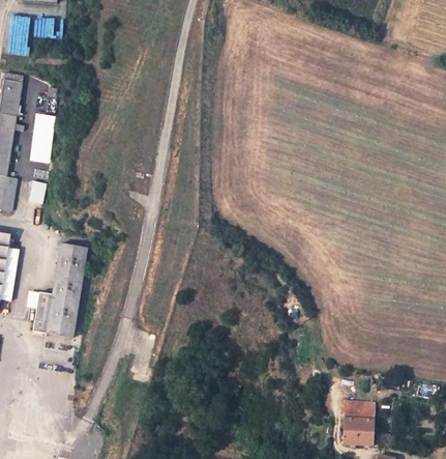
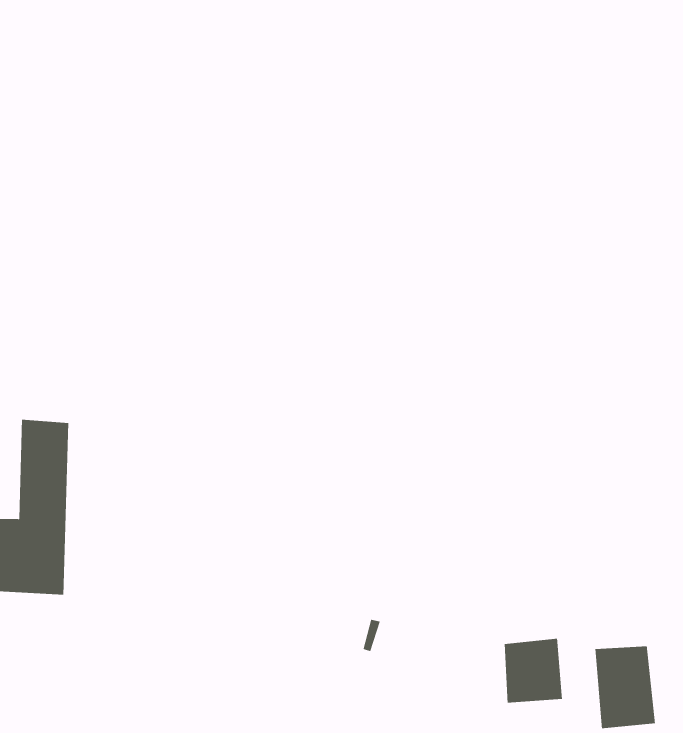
building: none -> [504,638,563,703]

